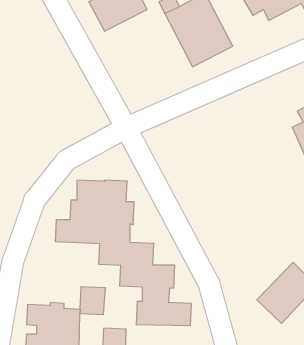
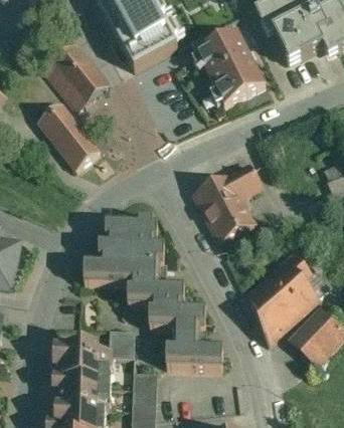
building: none -> [45,45,107,109]
building: none -> [36,102,99,170]
building: none -> [193,165,260,242]
building: none -> [246,255,328,345]

